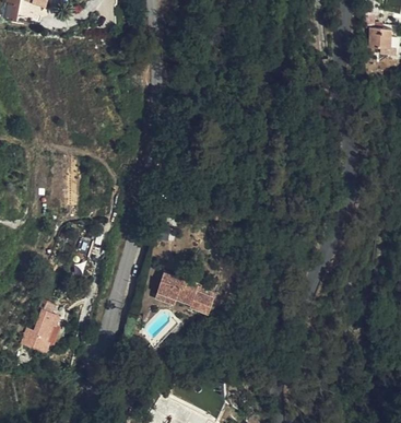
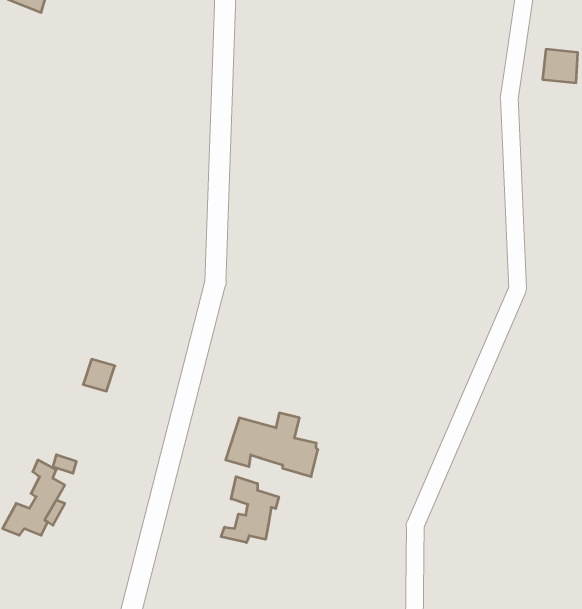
building: none -> [221,477,279,543]

